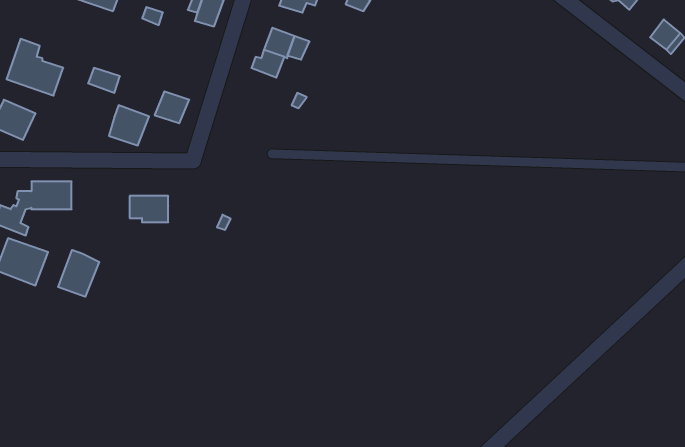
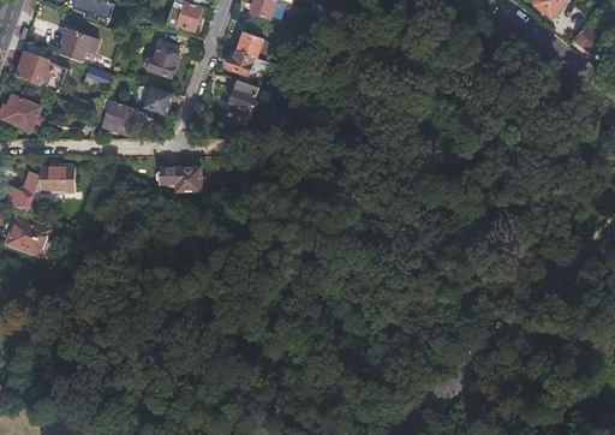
building: none -> [59,29,100,62]
building: none -> [142,49,179,78]
building: none -> [228,81,259,124]
building: [130,196,168,222] -> [165,167,198,190]
building: [58,250,99,297] -> none

